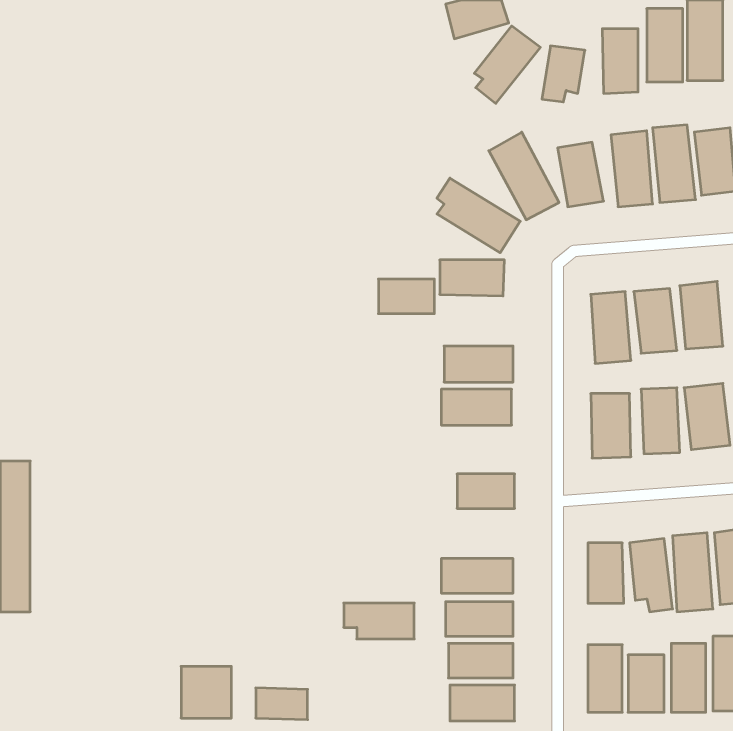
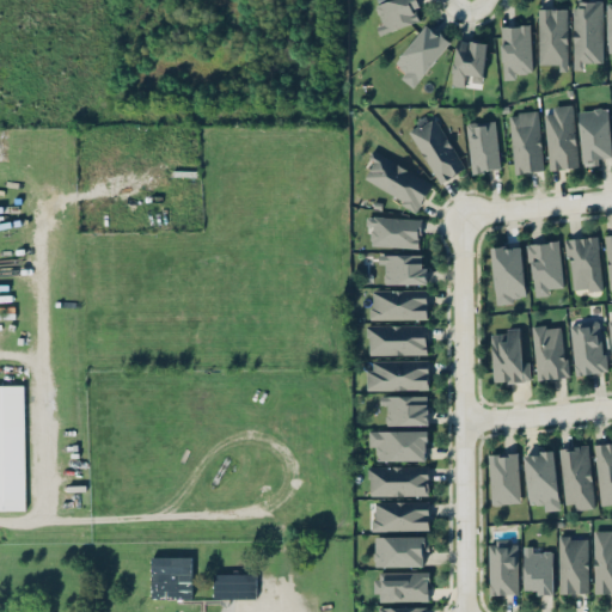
building: [378,279,434,314] -> [381,256,428,284]
building: none -> [367,362,428,391]
building: [344,603,414,639] -> [369,432,428,461]

